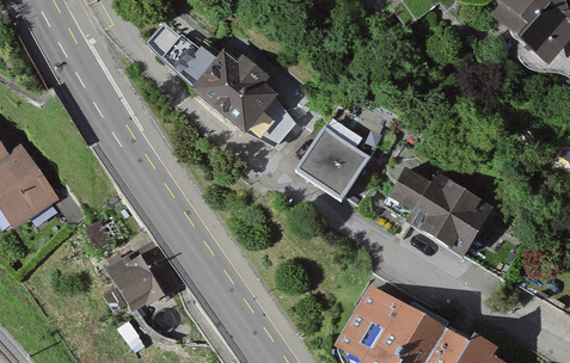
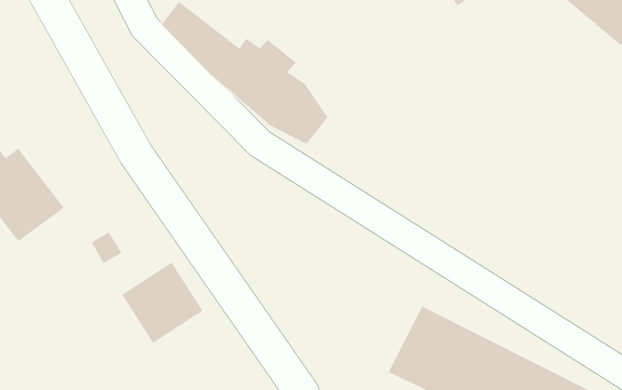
building: [292,104,381,201] -> none
building: [386,171,488,251] -> none

